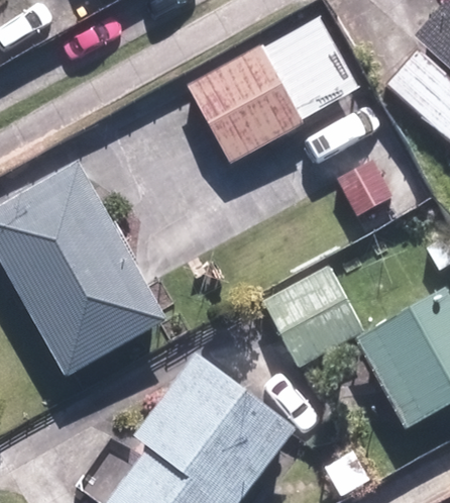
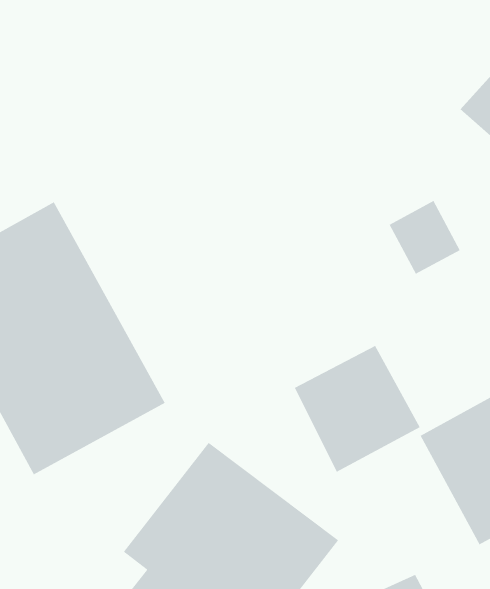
building: [189,17,360,163] -> none

